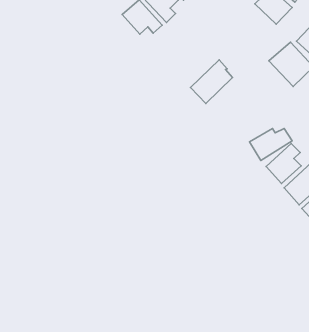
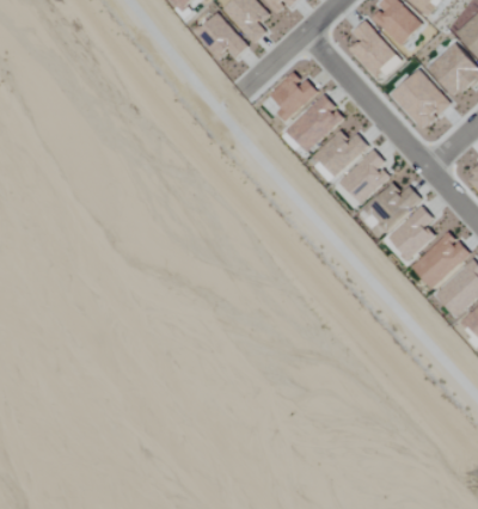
building: none -> [348,19,396,75]
building: none -> [270,72,317,121]
building: none -> [312,129,367,177]
building: none -> [338,148,388,203]

